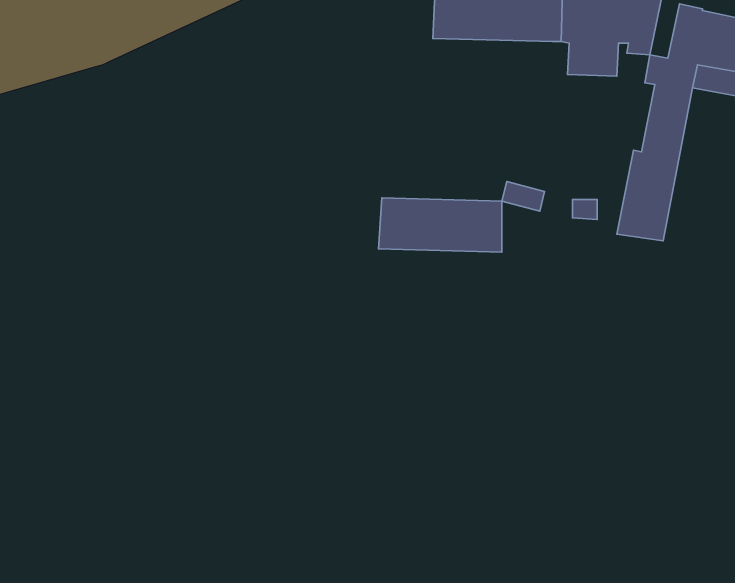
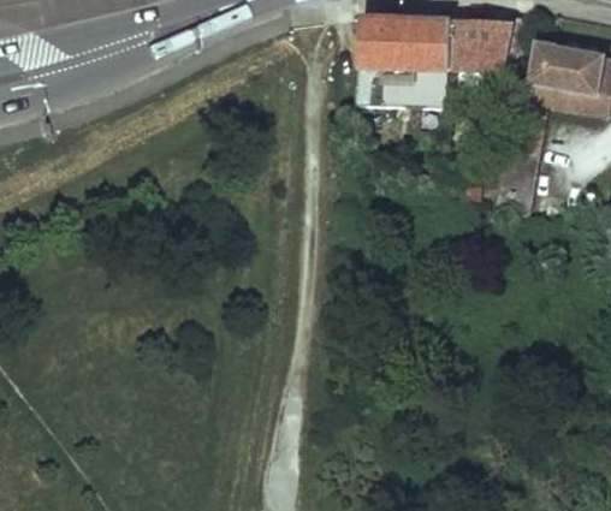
building: [379,198,502,252] -> [356,64,446,103]

